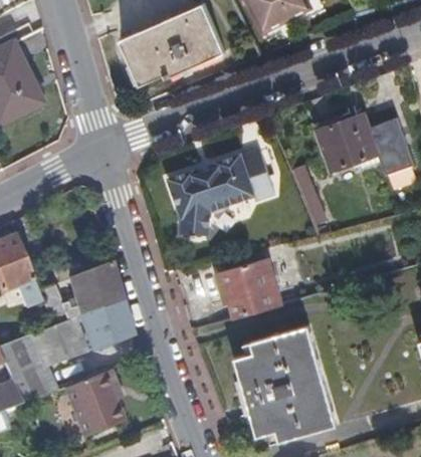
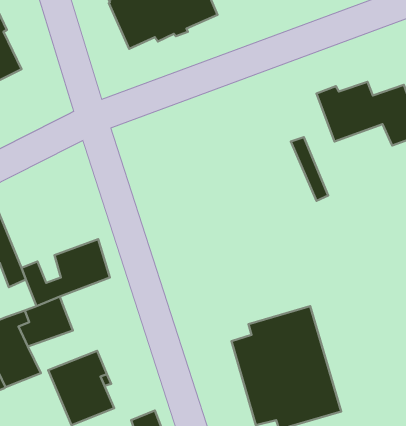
building: [169,151,275,237] -> none
building: [218,259,280,317] -> none
building: [73,299,131,349] -> none

